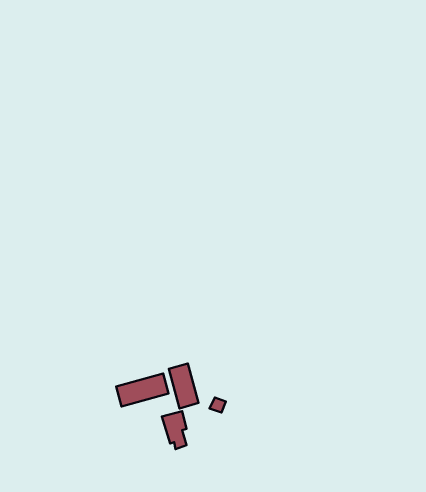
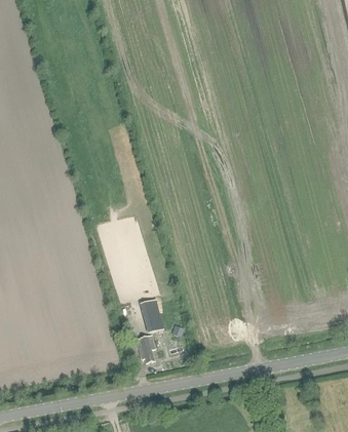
building: [116,373,168,407] -> none

